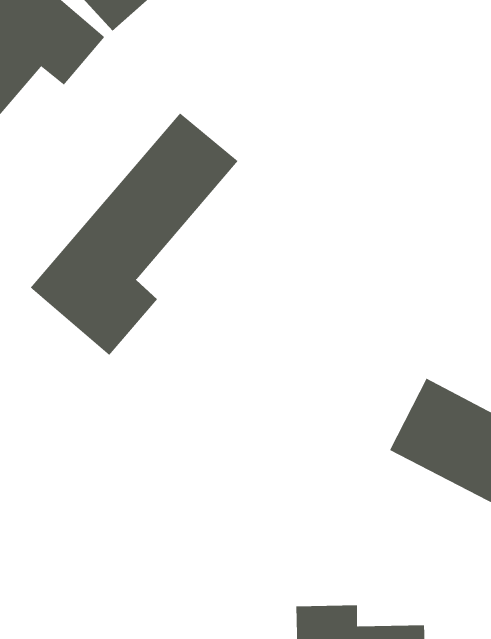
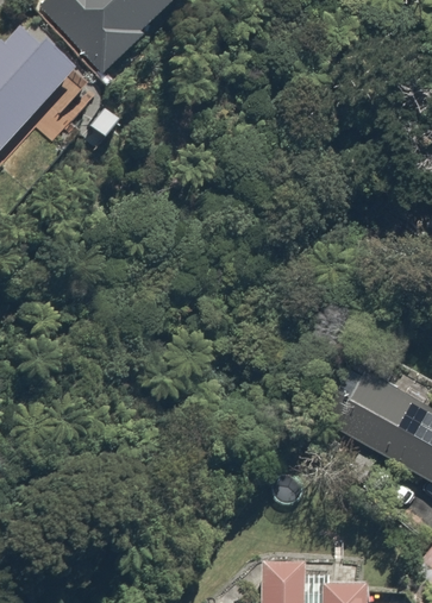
building: [30,112,239,356] -> none

